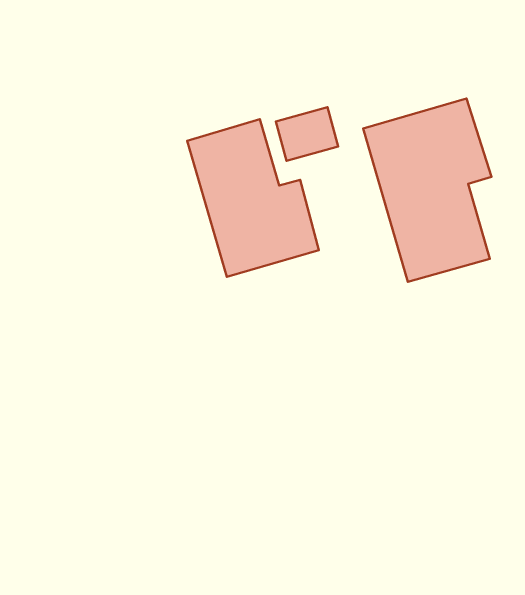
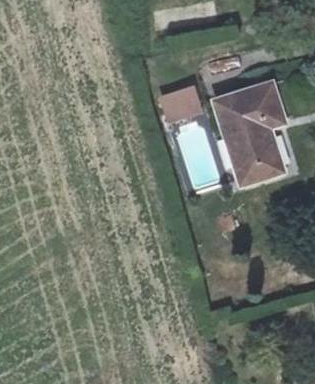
building: [187,119,319,277] -> none

